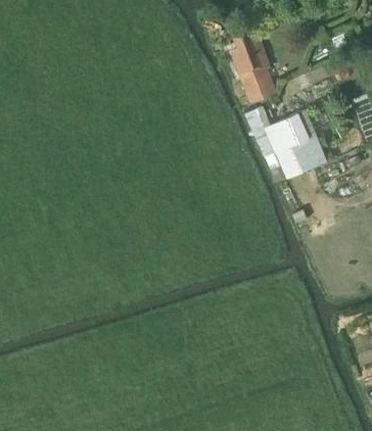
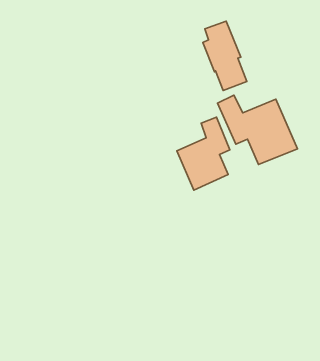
building: none -> [177,117,230,190]

